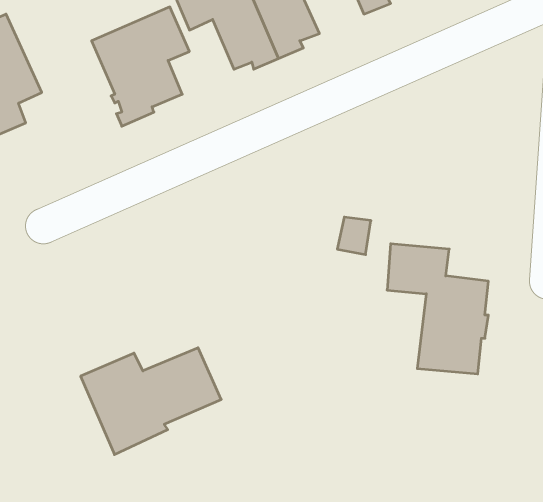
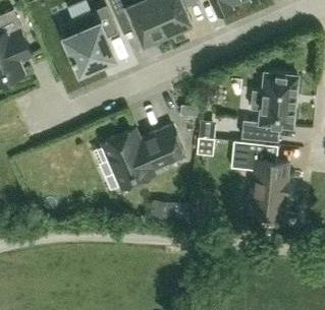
building: none -> [240,73,296,142]
building: [81,348,221,455] -> [103,127,183,188]

